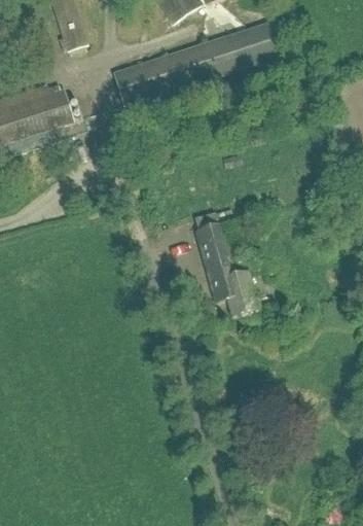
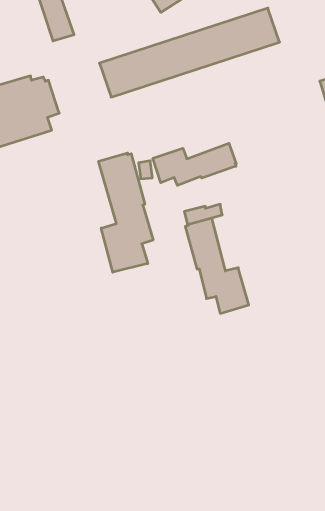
building: none -> [153,143,236,185]
building: none -> [99,153,153,272]

